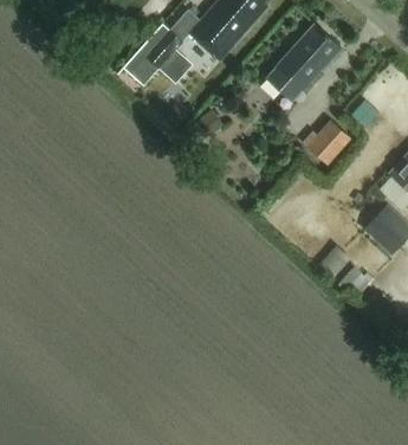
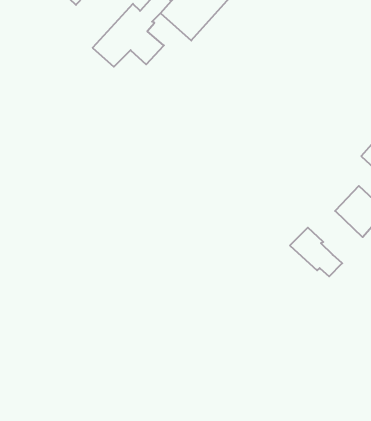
building: [265,24,344,103] -> none
building: [309,121,350,162] -> none

